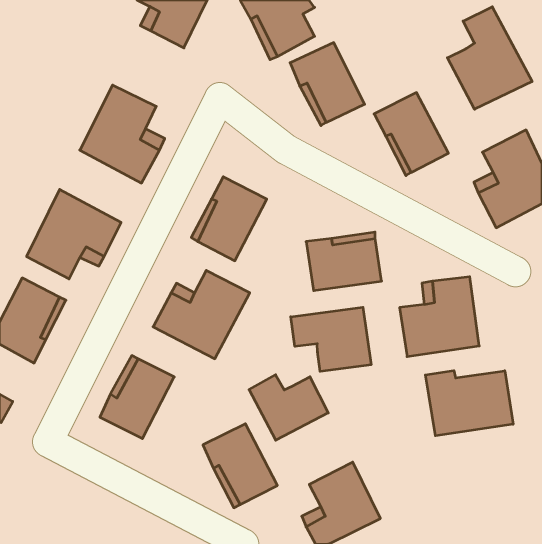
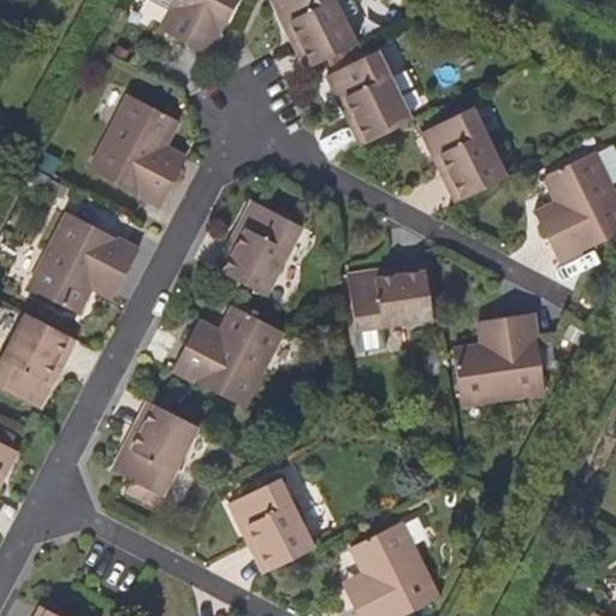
building: [447,7,532,109] -> none
building: [291,307,371,371] -> none
building: [425,371,513,436] -> none
building: [249,375,328,440] -> none

